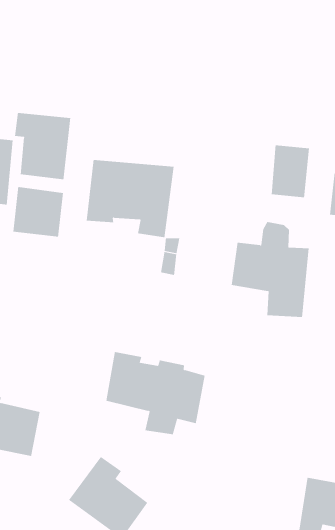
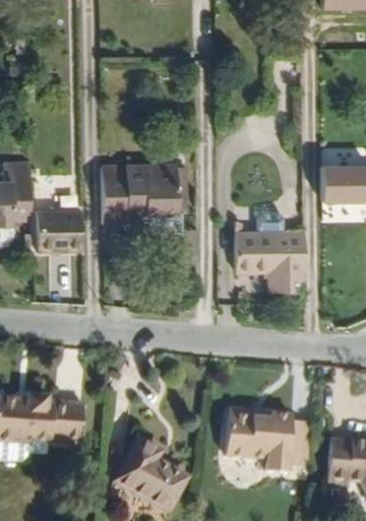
building: [15,112,71,180] -> none
building: [271,145,309,198] -> none
building: [105,351,206,435] -> [222,404,308,472]

